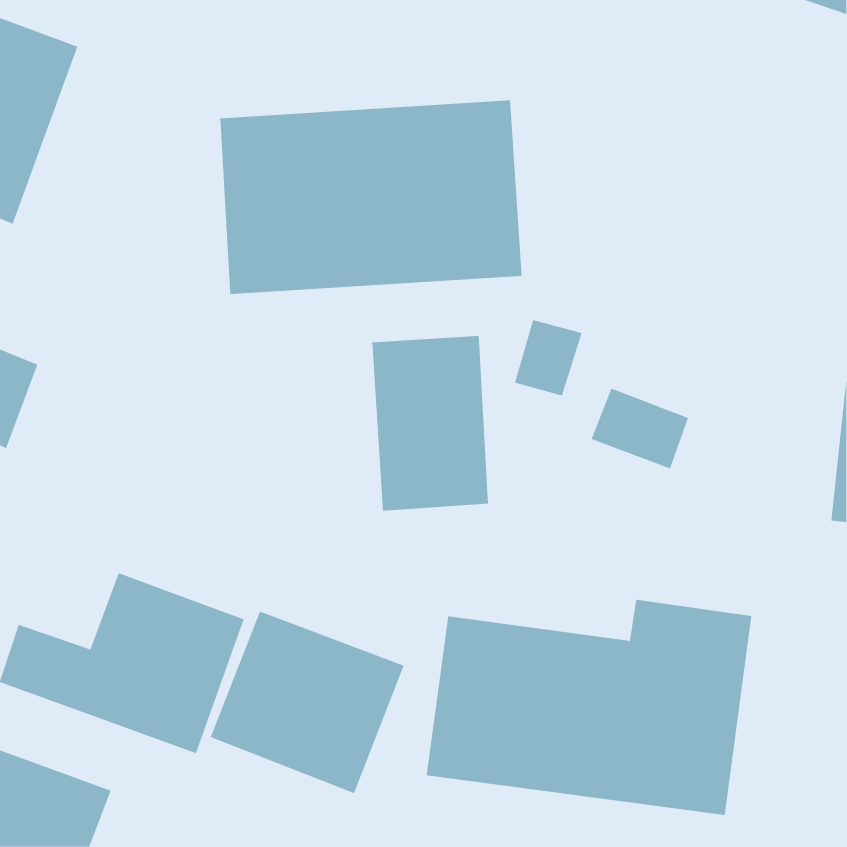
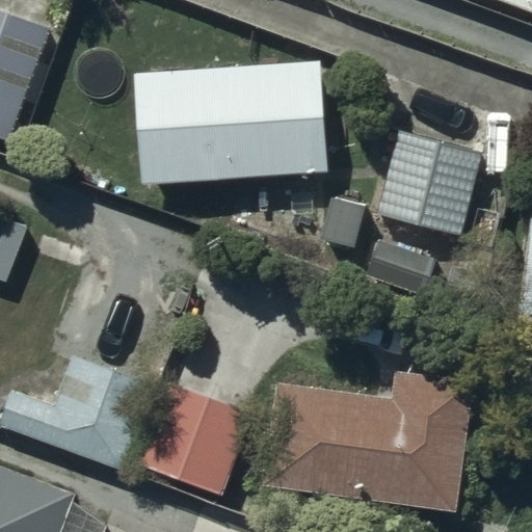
building: none -> [378,130,483,236]
building: [372,335,489,511] -> none

